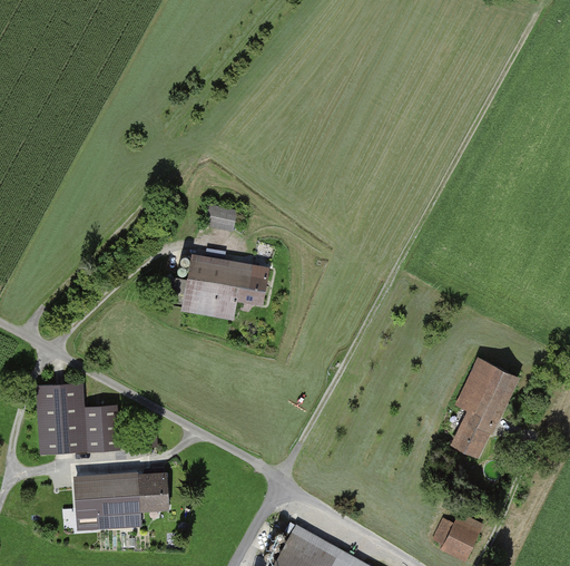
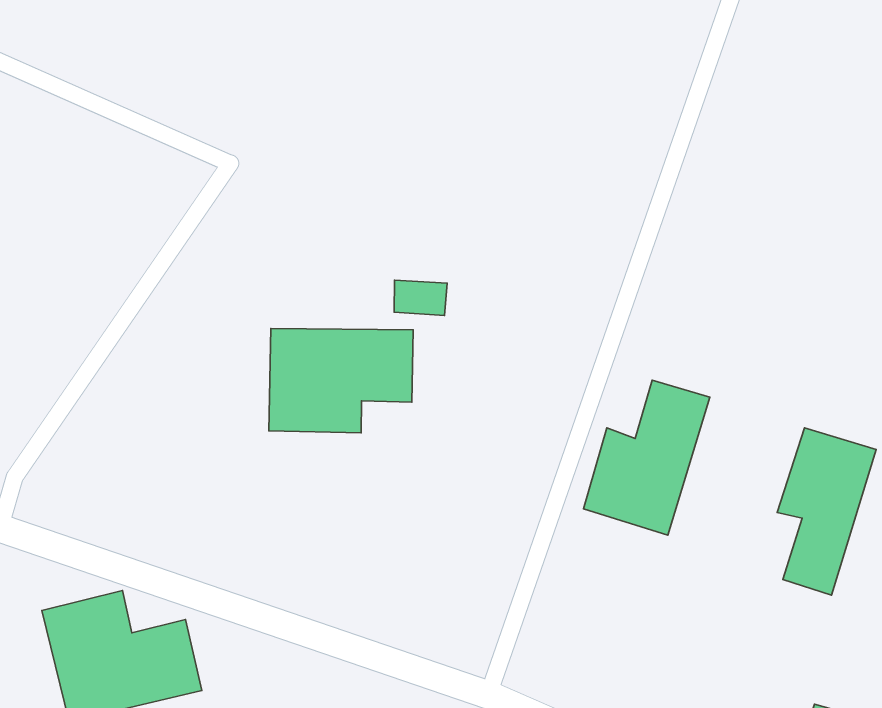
building: [205,206,237,231] -> [394,280,447,315]
building: none -> [584,380,710,535]

